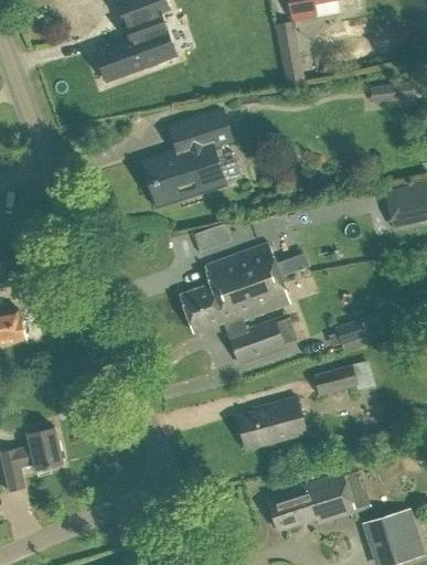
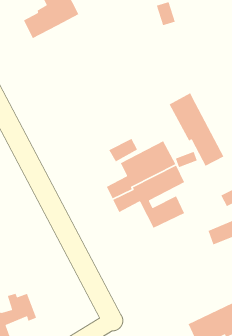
building: [141,111,232,206] -> none
building: none -> [169,92,224,167]
building: [236,396,306,449] -> none

